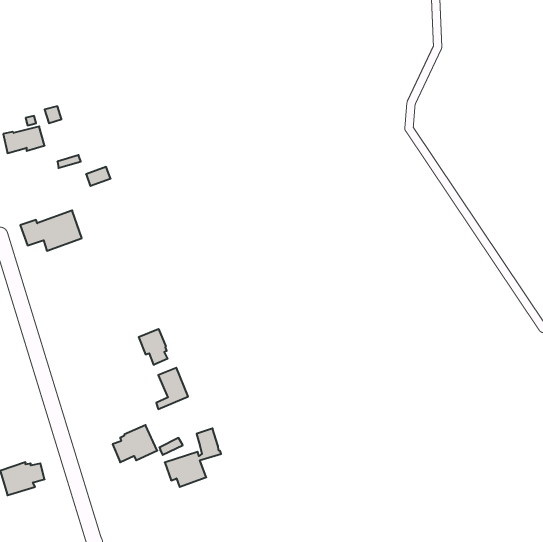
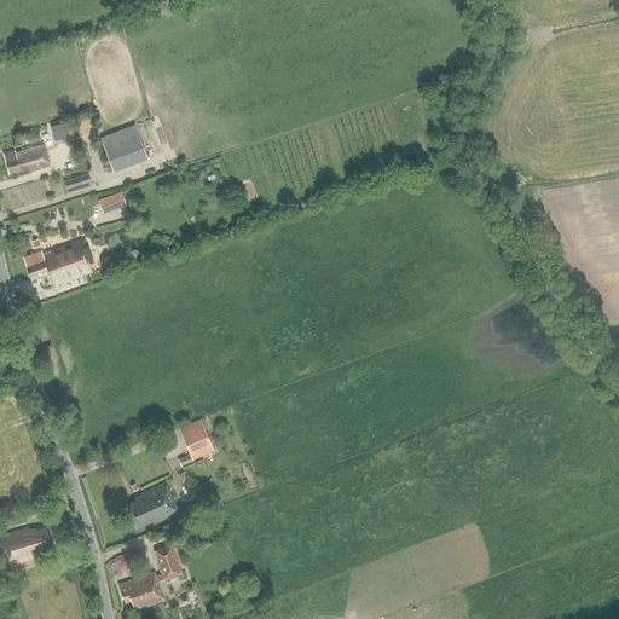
building: none -> [100,123,147,172]
building: [139,329,168,365] -> none
building: [165,428,221,487] -> [118,544,183,611]

